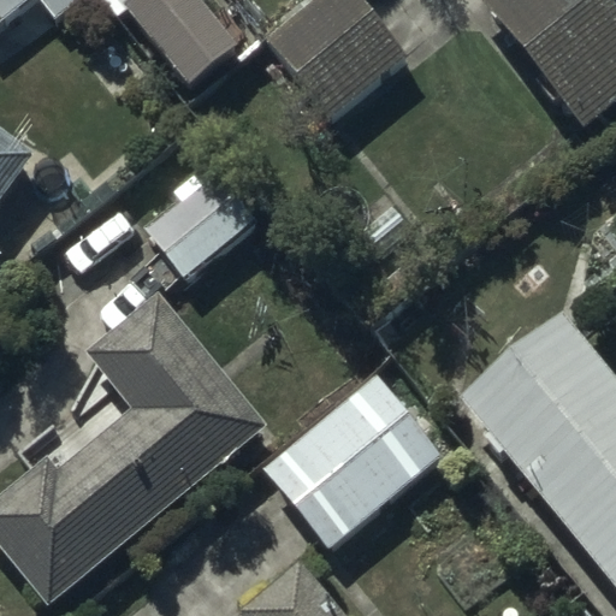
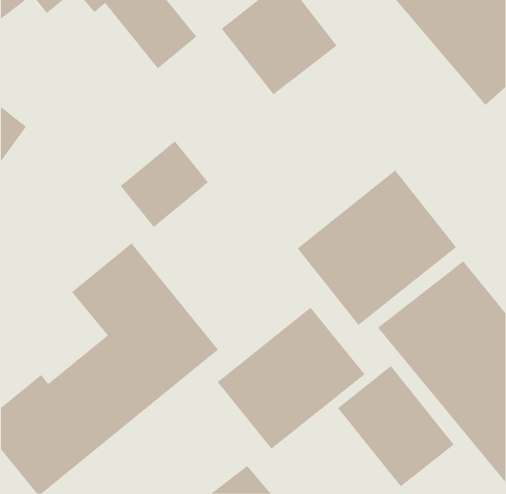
building: none -> [297,170,457,326]
building: none -> [337,365,454,487]

